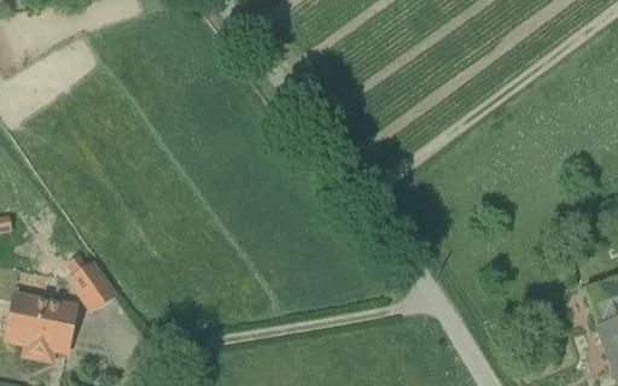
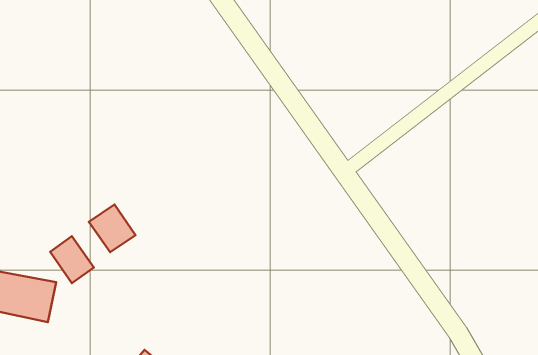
building: none -> [89,205,136,252]

